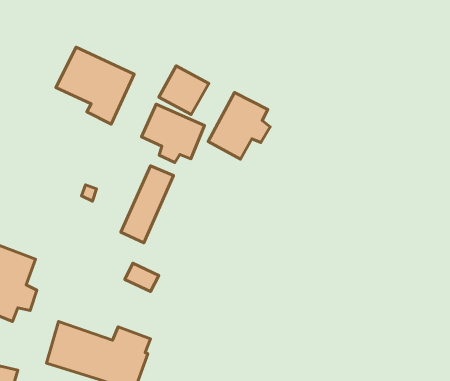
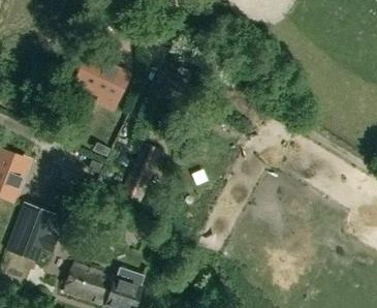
building: [208,93,270,159] -> none
building: [142,104,205,163] -> none

